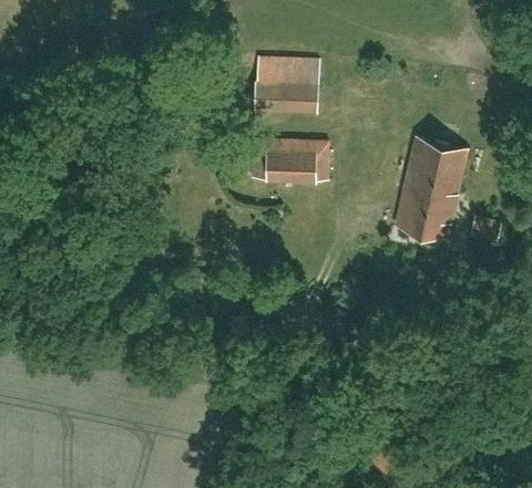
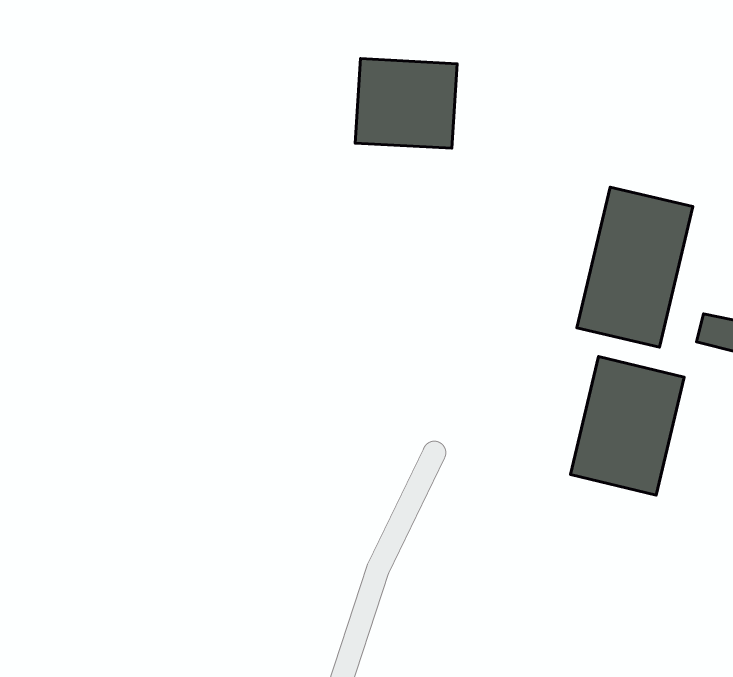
building: [252,141,328,181] -> none
building: none -> [571,357,684,495]

